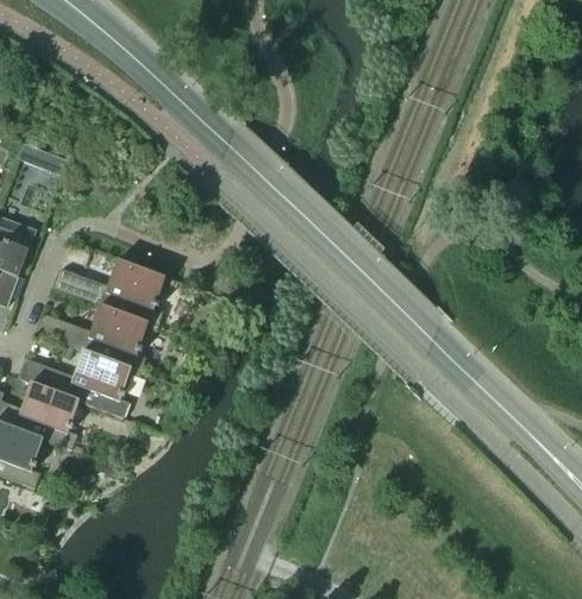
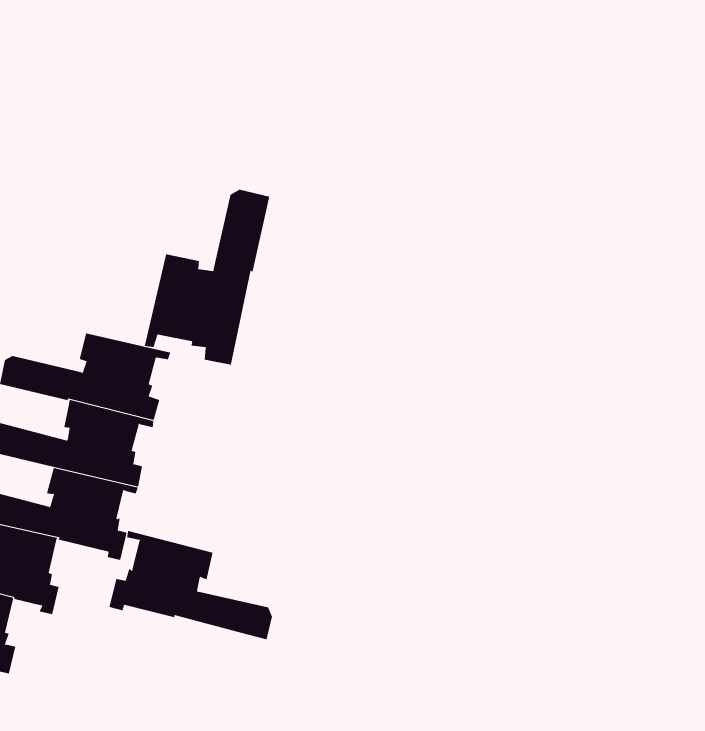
building: none -> [144,189,270,365]
building: none -> [109,530,273,640]

